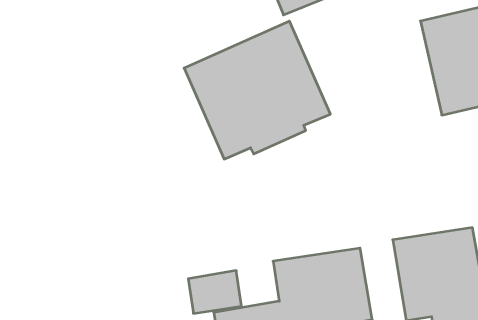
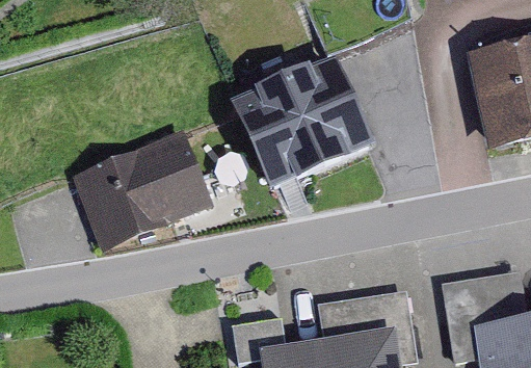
building: none -> [73,128,215,249]

